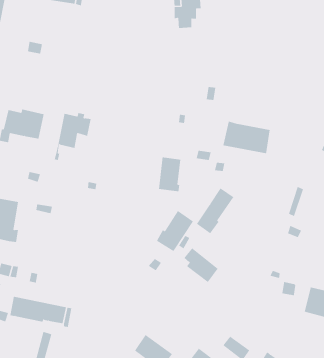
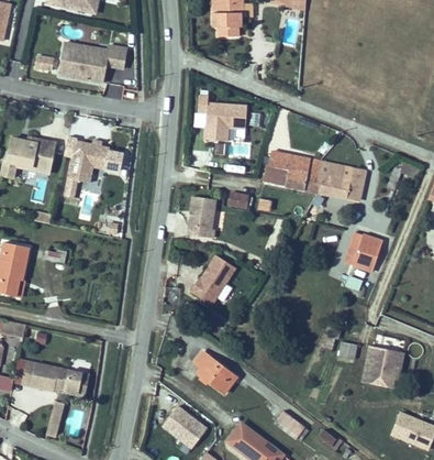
building: none -> [60,43,129,83]
building: none -> [197,96,246,141]
building: none -> [321,162,368,198]
building: [196,188,234,234] -> none
building: none -> [354,232,383,272]
building: [183,248,218,283] -> [193,352,235,394]

